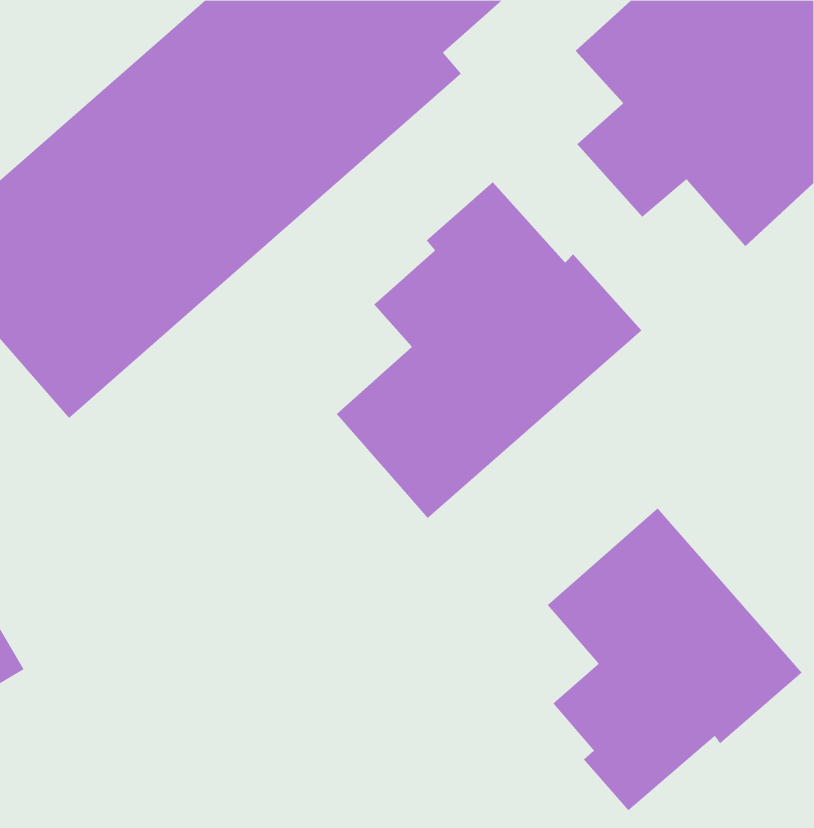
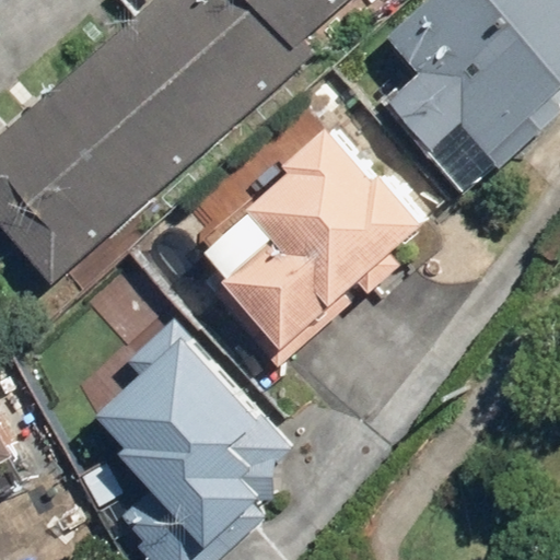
building: none -> [97,318,283,546]
building: [547,508,803,811] -> none

